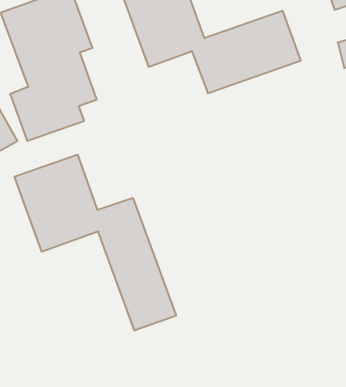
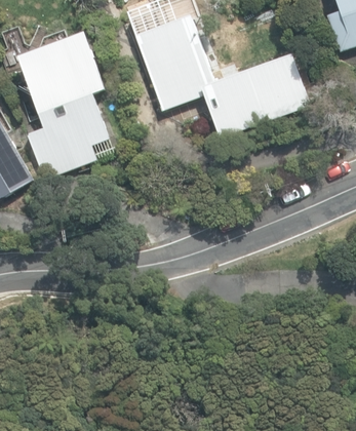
building: [15,155,176,331] -> none

